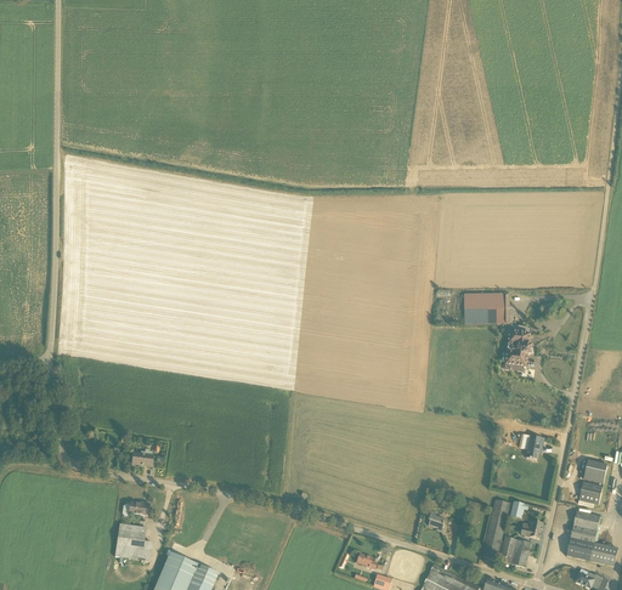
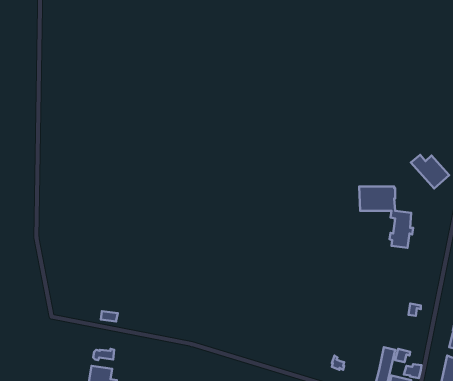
building: none -> [411,155,449,188]

